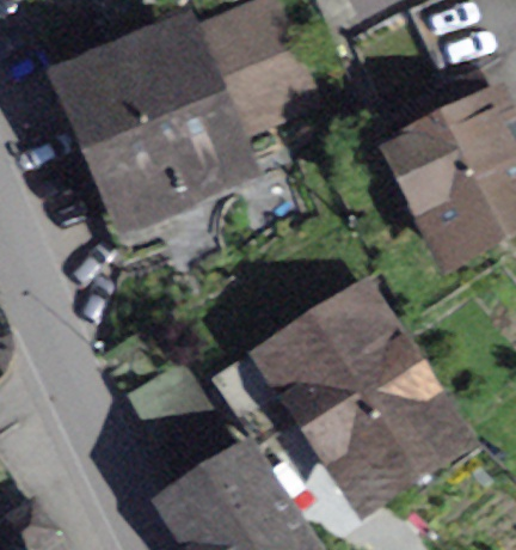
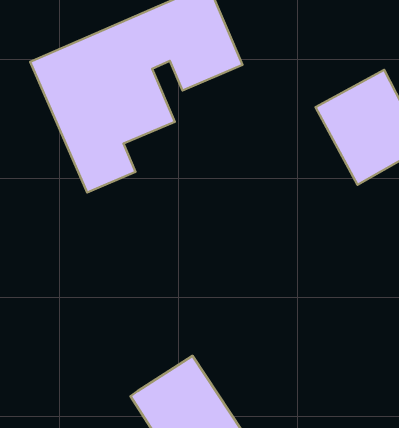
building: [262,293,442,485] -> none

